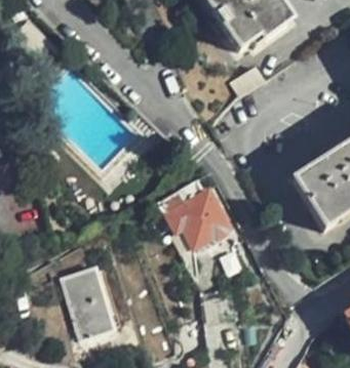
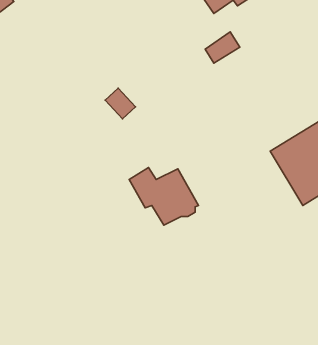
building: [60,265,113,338] -> none

